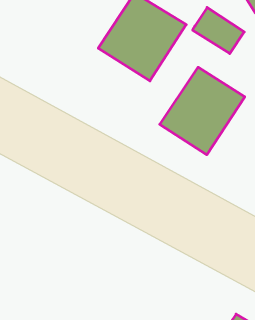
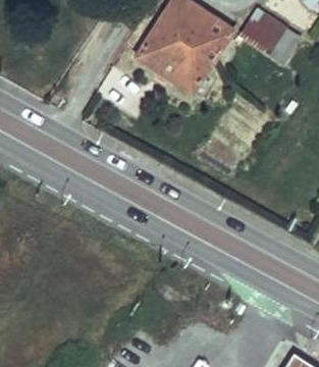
building: [160,67,245,155] -> none

